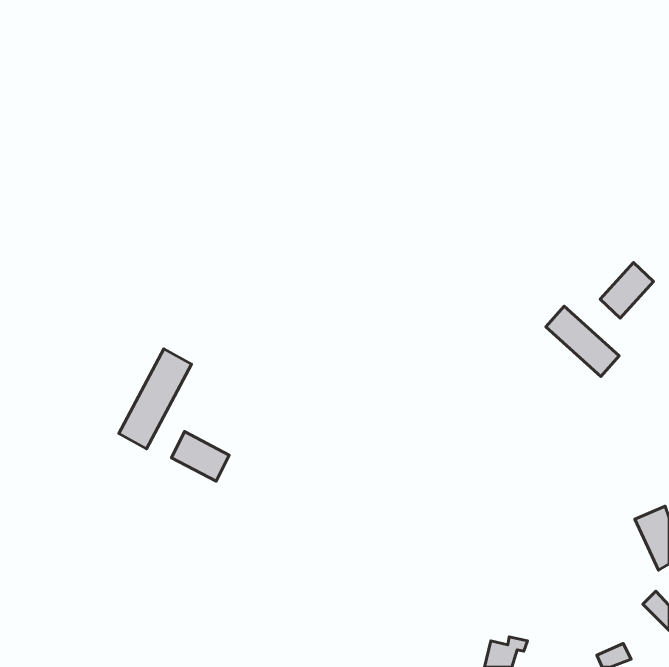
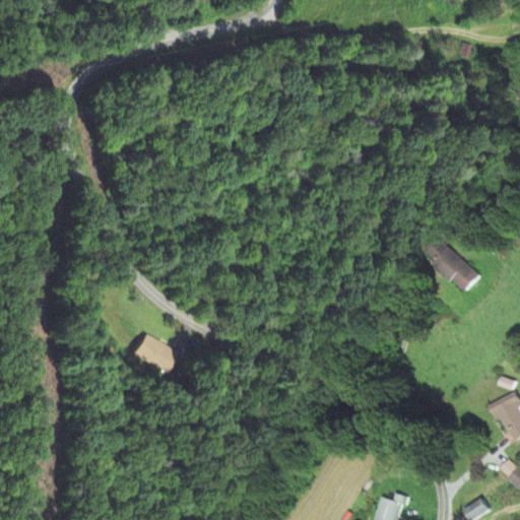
building: [600,262,653,318] -> none
building: [119,349,192,449] -> none

